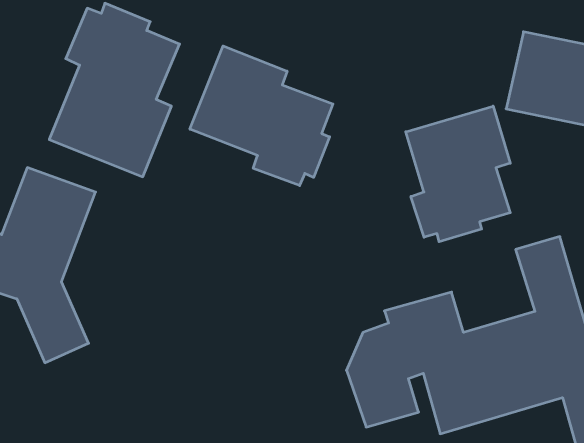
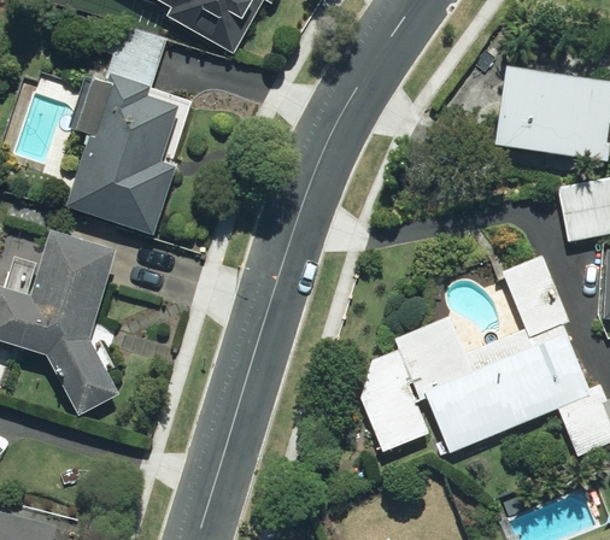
building: [190,46,333,186] -> none
building: [406,106,510,242] -> none

